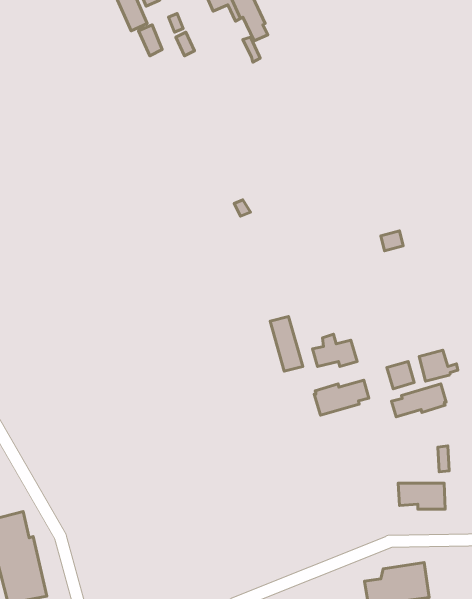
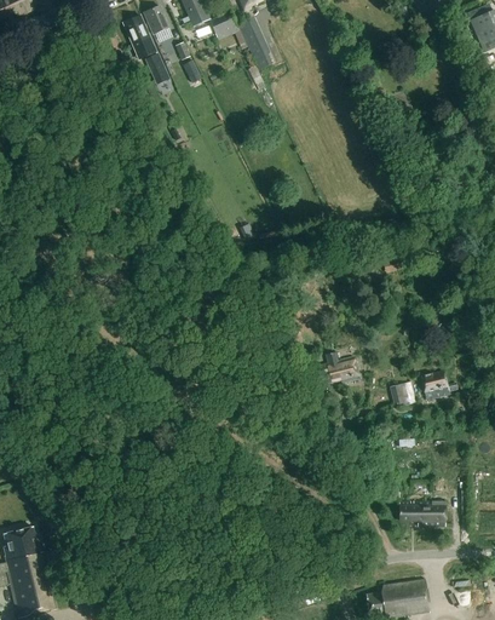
building: [270,316,303,371] -> none
building: [314,380,369,415] -> none
building: [391,384,446,417] -> none

